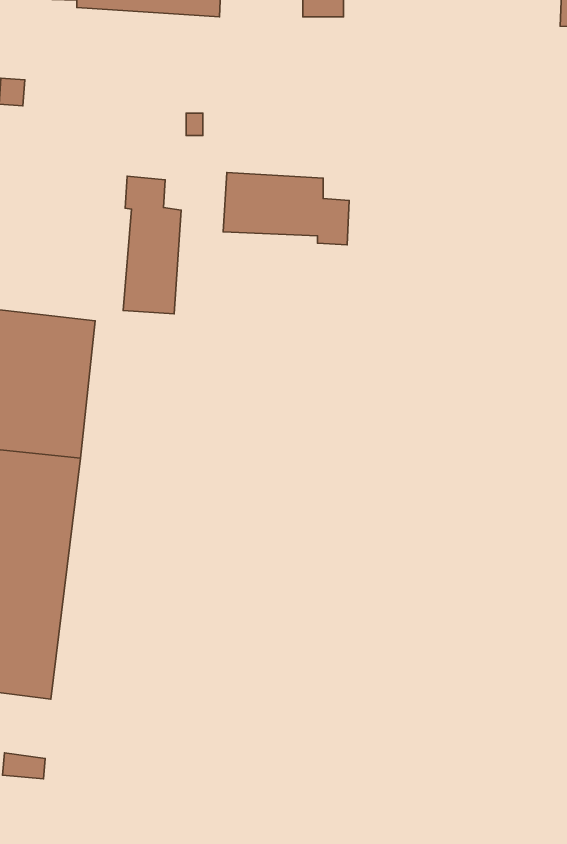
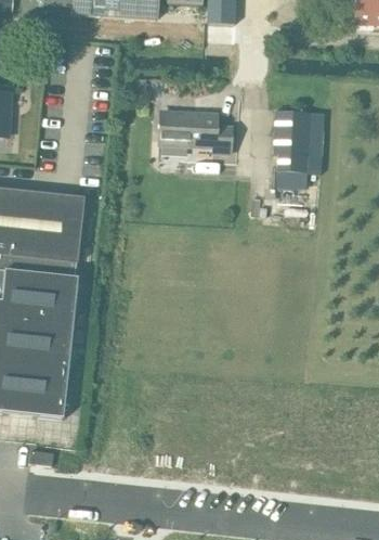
building: none -> [272,108,325,188]
building: [123,176,181,314] -> none

